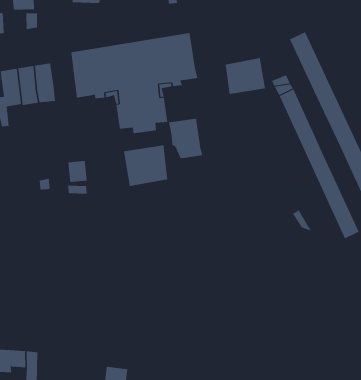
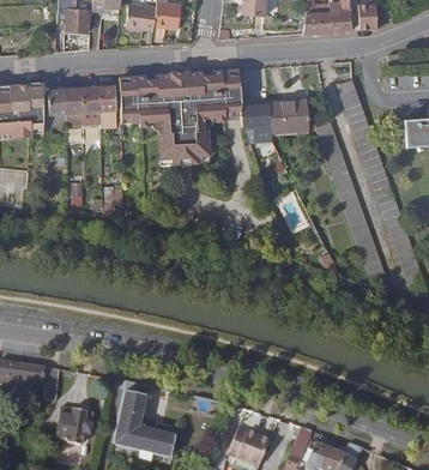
building: none -> [98,85,117,128]
building: [168,118,203,159] -> [241,104,272,143]
building: [124,144,168,187] -> none

